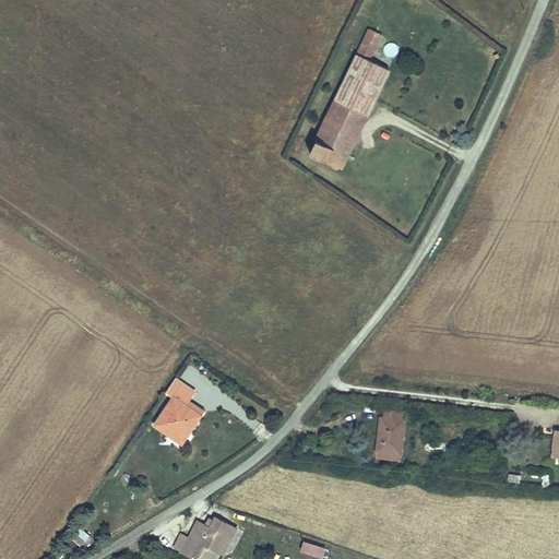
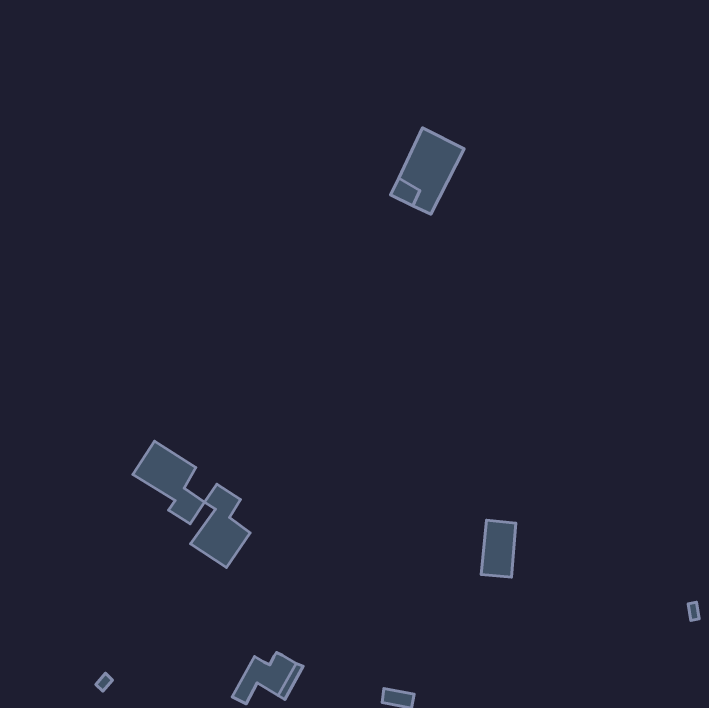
building: [332,32,386,119] -> none
building: none -> [133,441,204,524]

